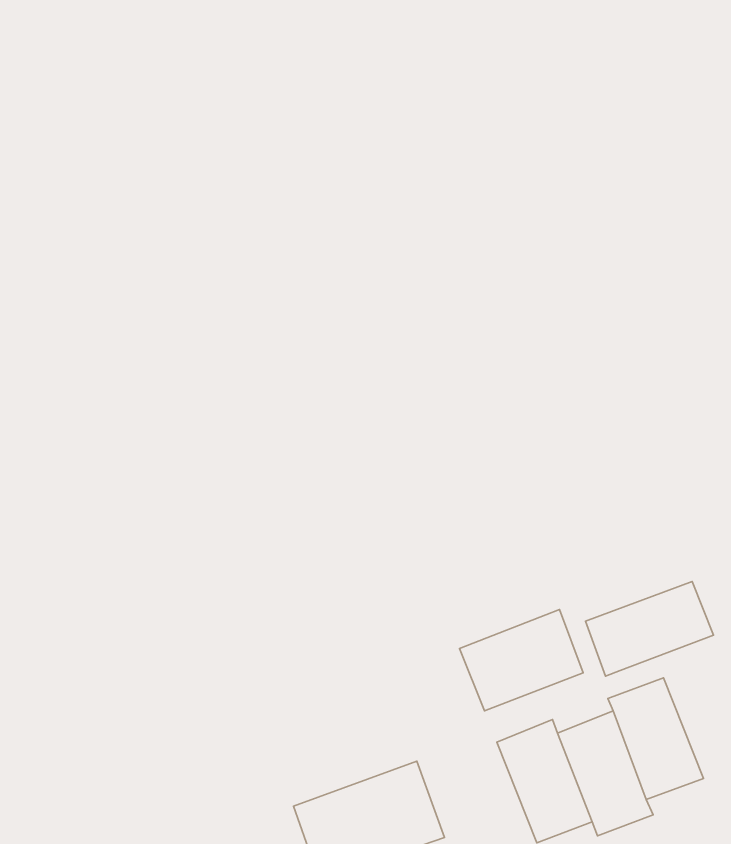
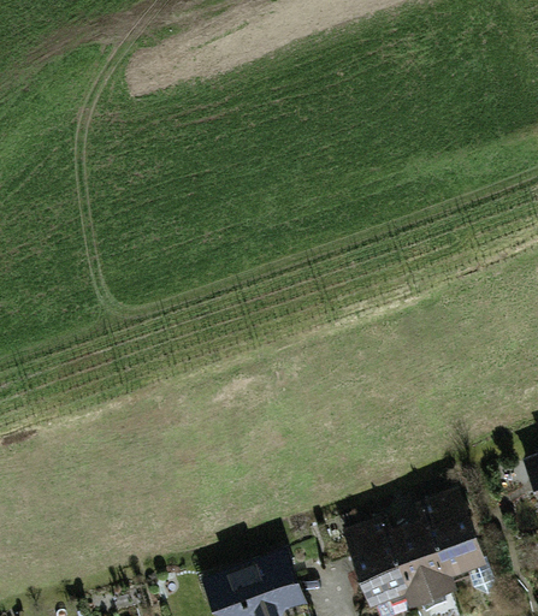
building: [586,581,713,676] -> none
building: [459,609,583,711] -> none

